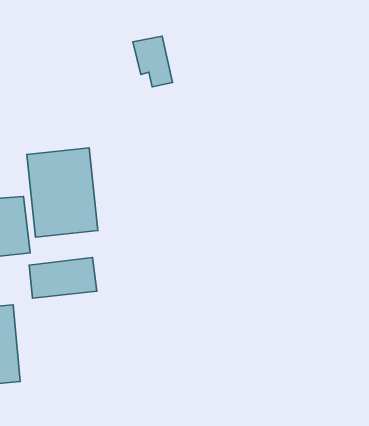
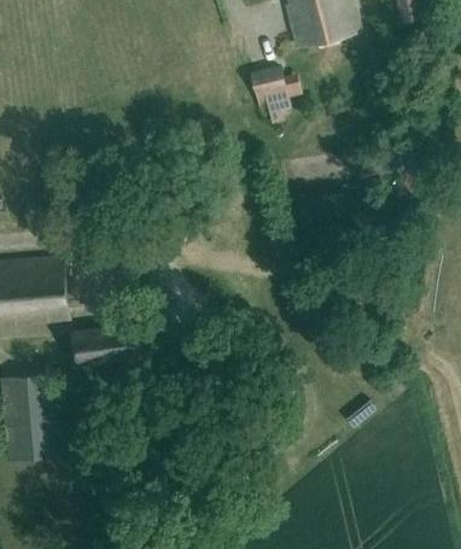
building: [133,36,172,87] -> [249,65,291,119]
building: [27,148,98,237] -> none

